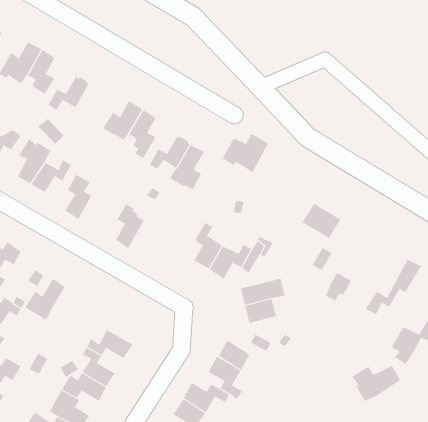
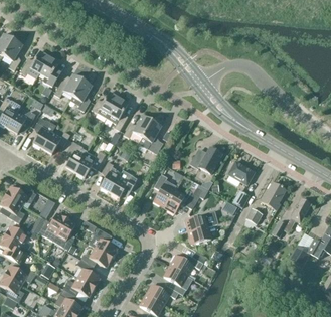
building: none -> [69,80,92,112]
building: [222,133,269,173] -> [189,147,221,174]
building: none -> [74,151,105,178]
building: none -> [109,170,142,198]
building: none -> [261,182,285,210]
building: none -> [52,218,75,250]
building: none -> [89,228,117,258]
building: [351,365,400,402] -> none

